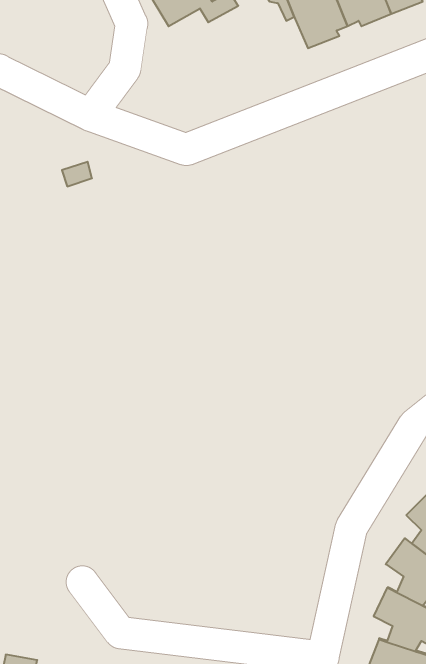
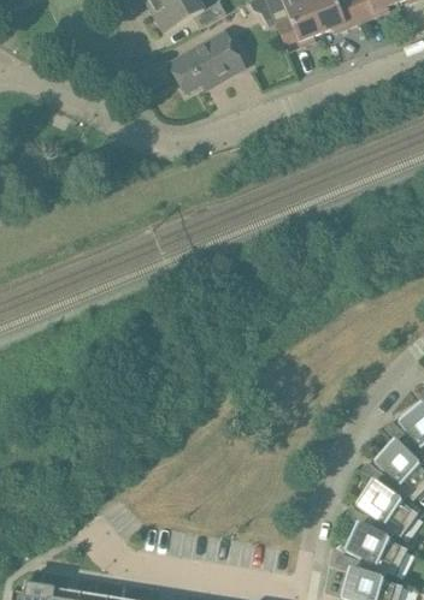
building: none -> [169,29,246,91]

